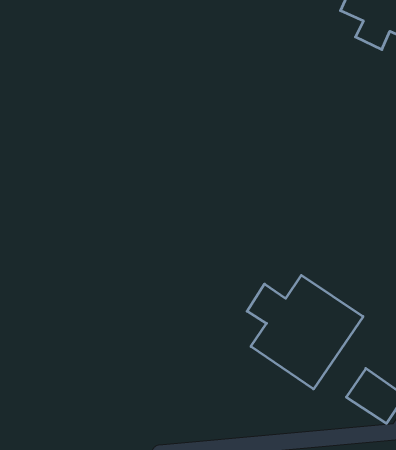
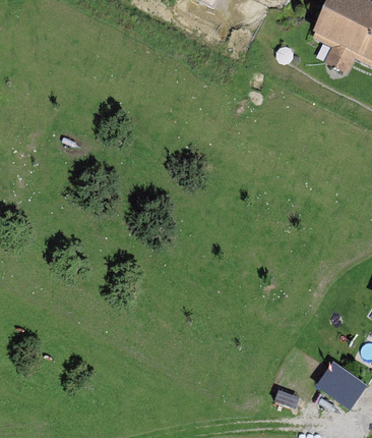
building: [247,275,363,389] -> none

